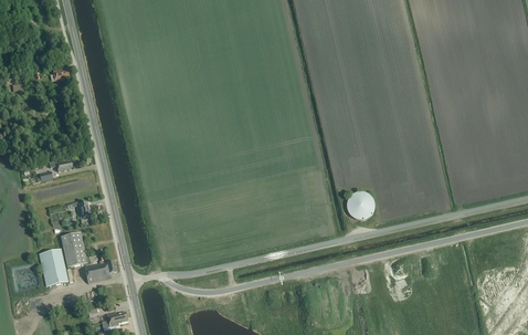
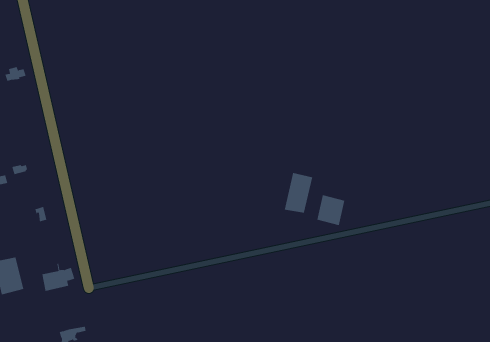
building: none -> [284,172,313,214]
building: [61,232,87,266] -> none

